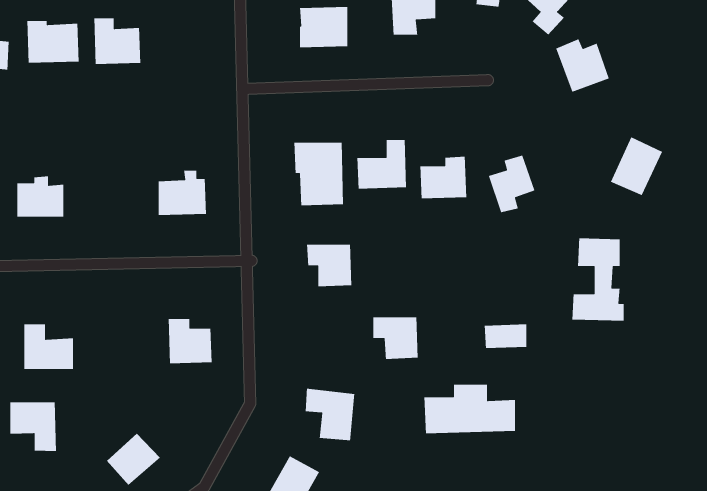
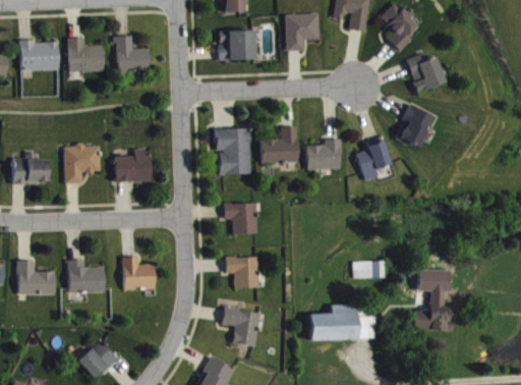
building: none -> [115,36,149,70]
building: [610,136,663,196] -> [394,105,432,149]
building: none -> [63,145,100,184]
building: [572,238,625,321] -> [413,270,452,331]
building: [373,316,419,360] -> [225,257,258,288]
building: none -> [68,260,104,293]
building: [10,401,57,452] -> none

